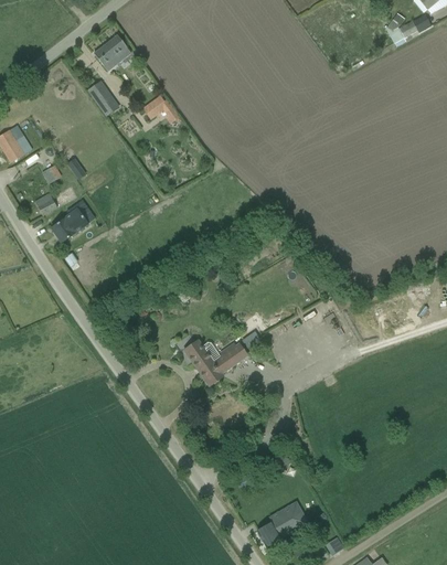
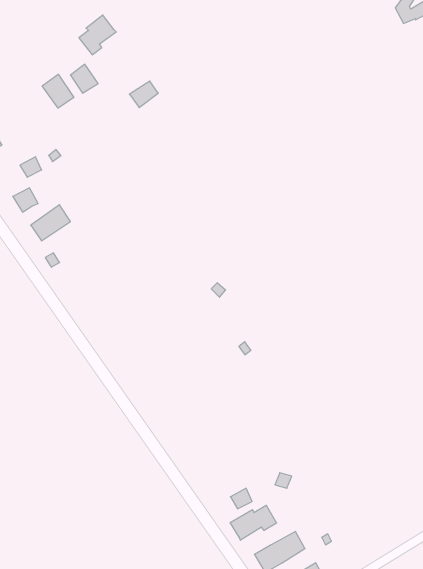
building: none -> [42,74,74,108]
building: [184,338,249,384] -> none
building: none -> [230,505,277,540]

